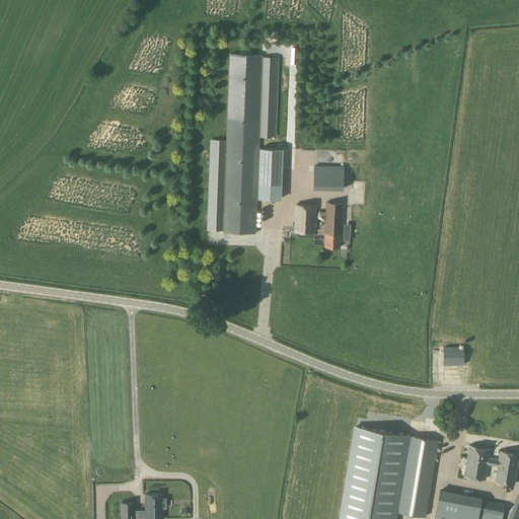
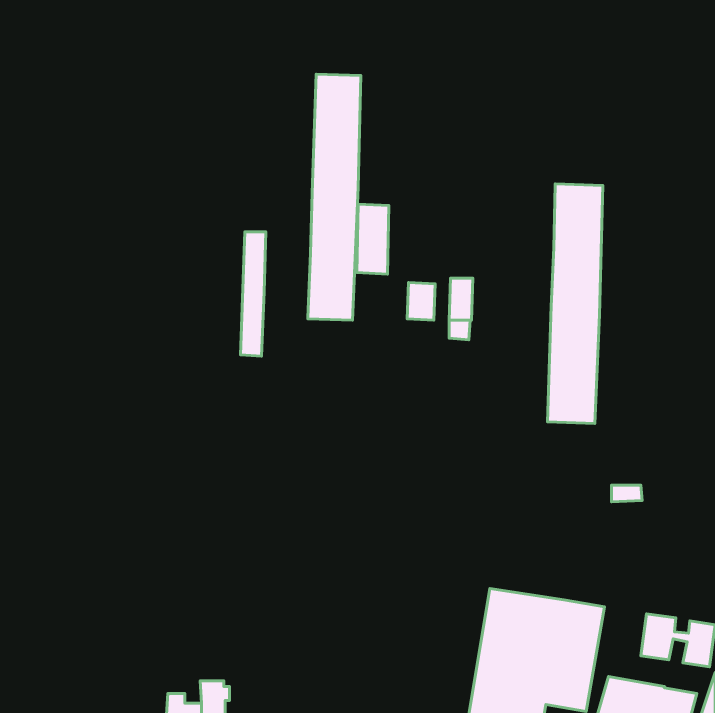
building: [260,58,278,138] -> none
building: none -> [548,184,603,423]
building: [208,141,226,231] -> [241,232,266,356]
building: [313,166,345,190] -> none

